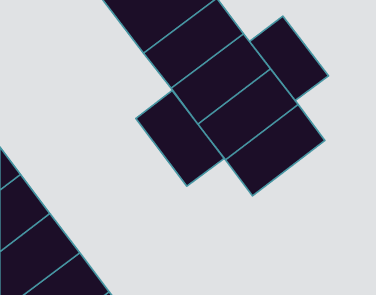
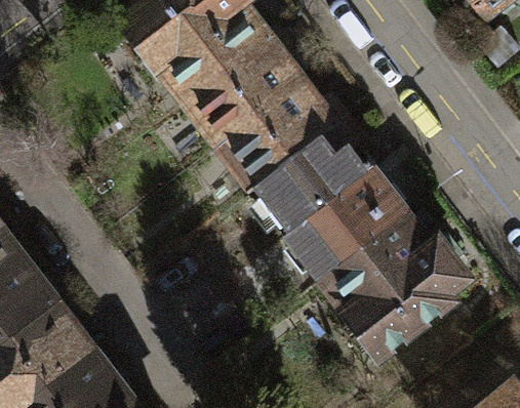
building: [250,16,329,101] -> none
building: [136,91,224,186] -> none
building: none -> [319,212,467,355]

